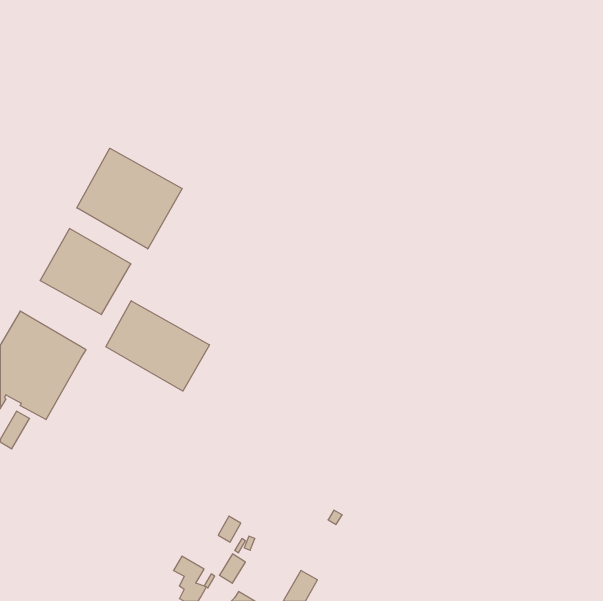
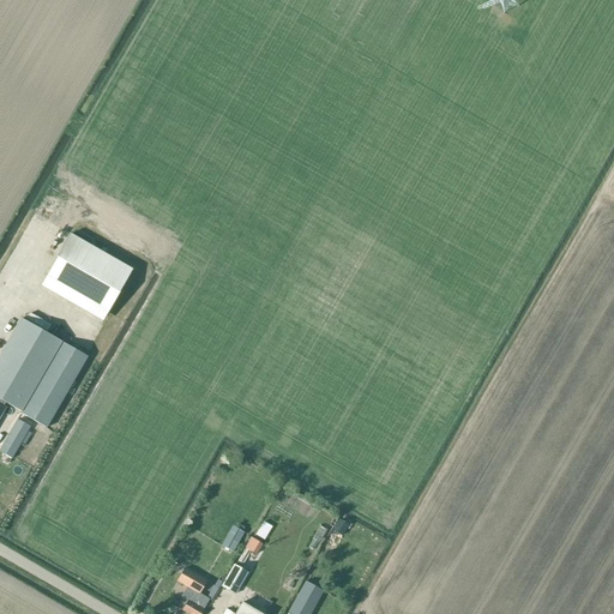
building: [77,148,182,249] -> none
building: [106,301,209,391] -> none

